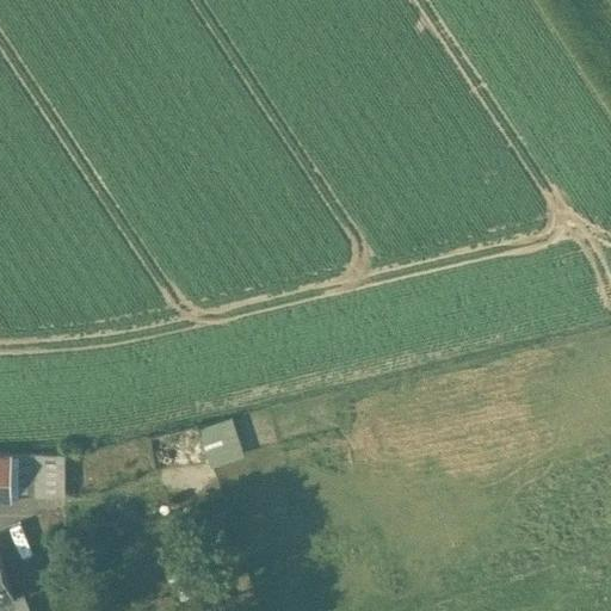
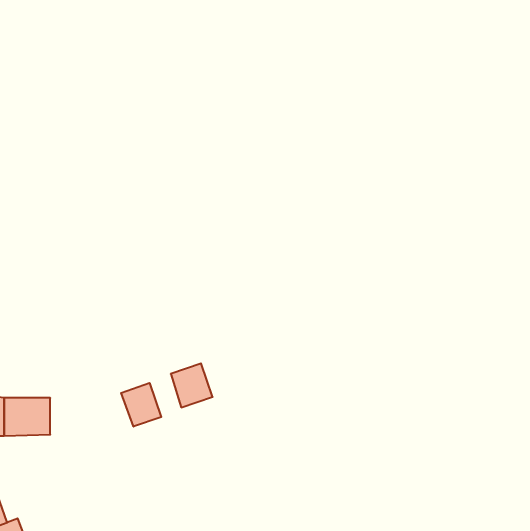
building: none -> [121,383,161,427]

